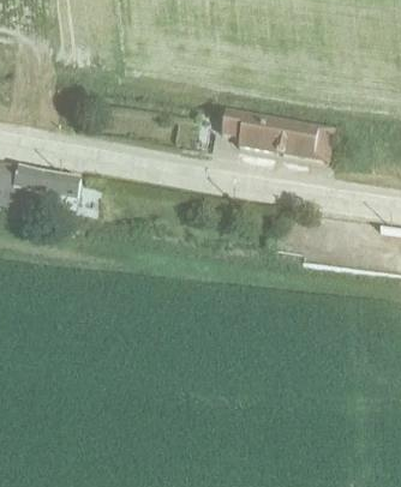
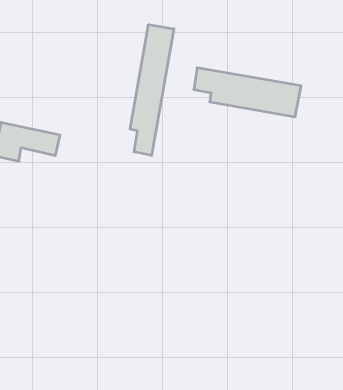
building: none -> [130,25,174,156]

